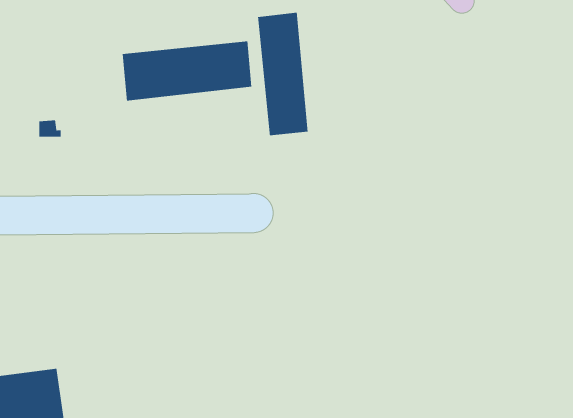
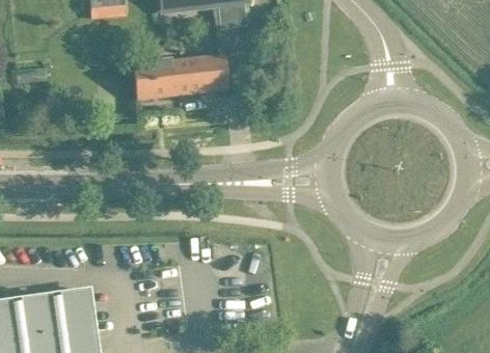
building: [257,12,308,136] -> none

